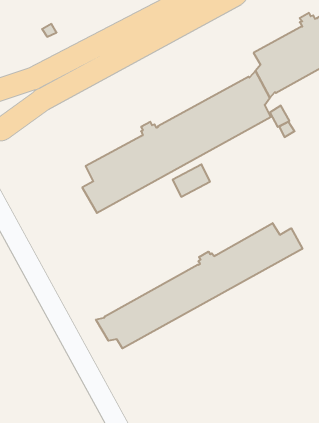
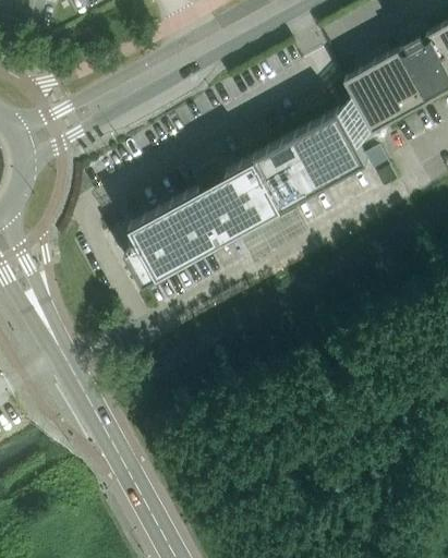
building: [96,223,302,348] -> none

